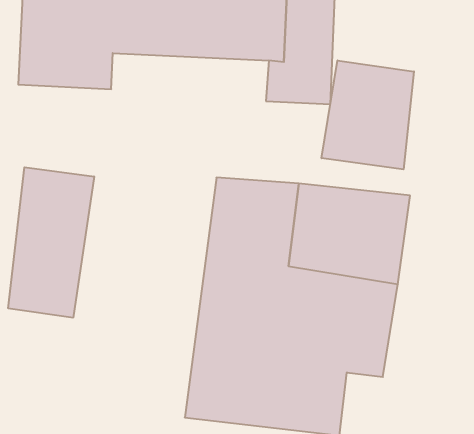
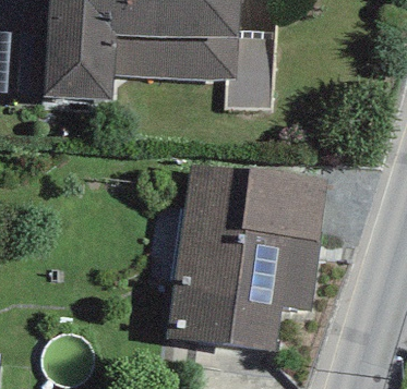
building: [322,60,414,169] -> none
building: [8,167,94,318] -> none

